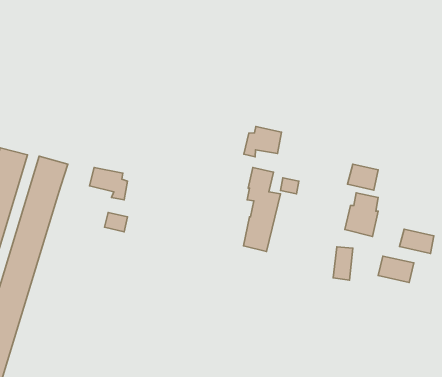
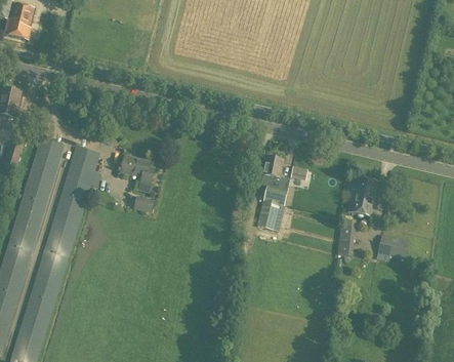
building: [244,126,281,157] -> none
building: [348,164,378,190] -> none
building: [400,229,434,253] -> none

